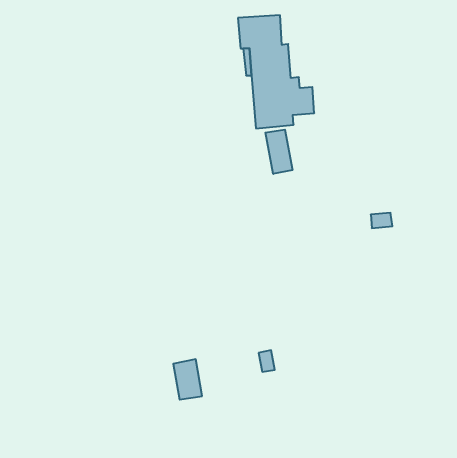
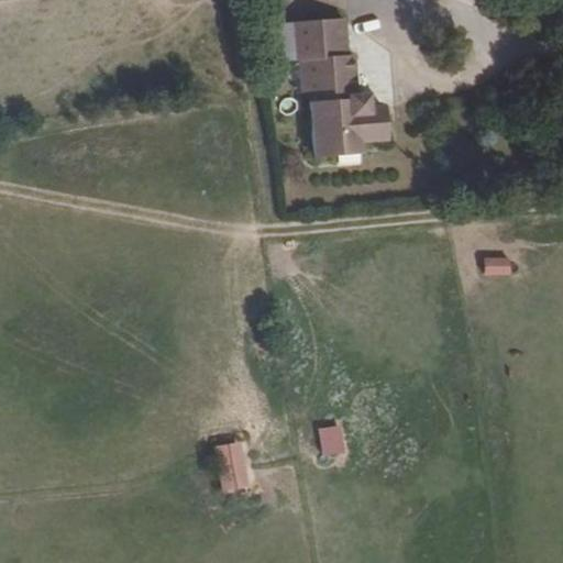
building: [265,130,292,174] -> none

